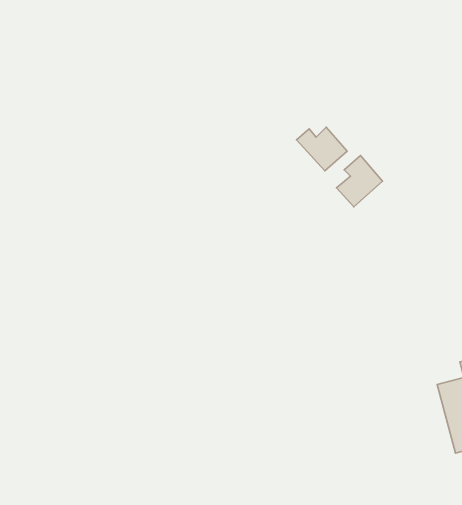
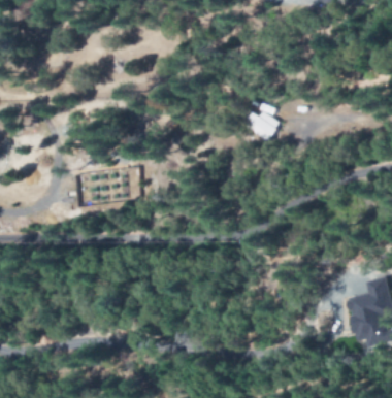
building: [337,155,382,207] -> none

